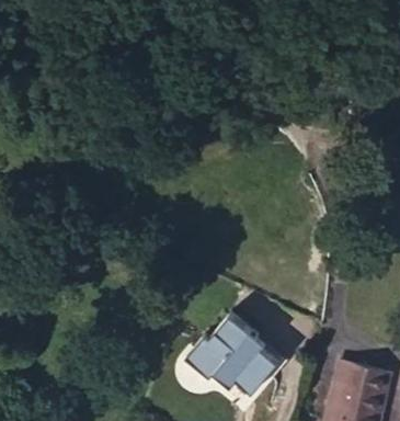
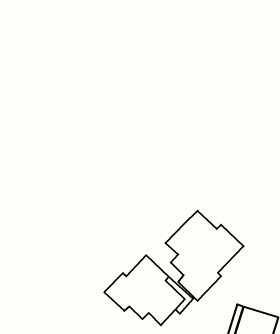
building: none -> [165,211,244,301]

